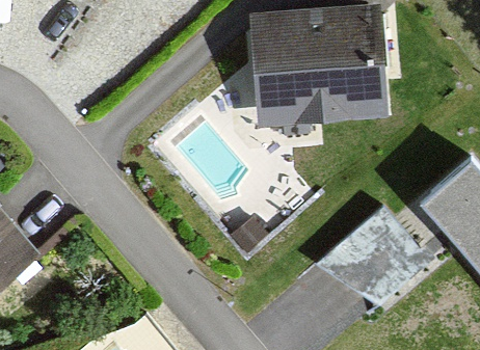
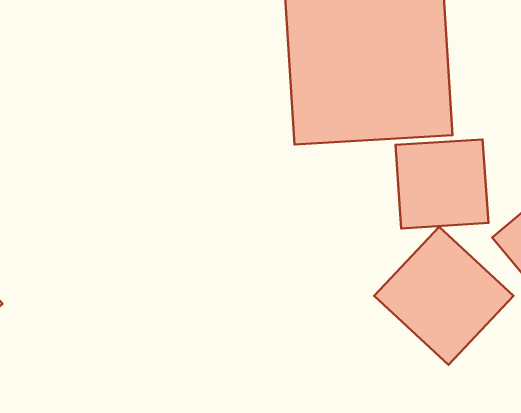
building: none -> [396,140,488,228]

